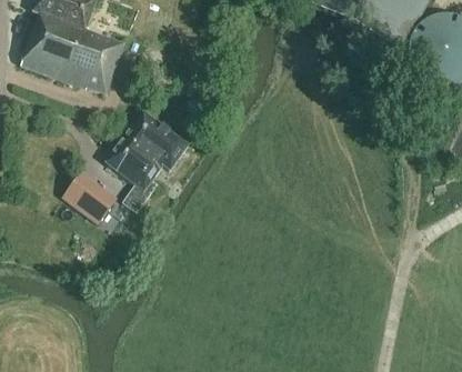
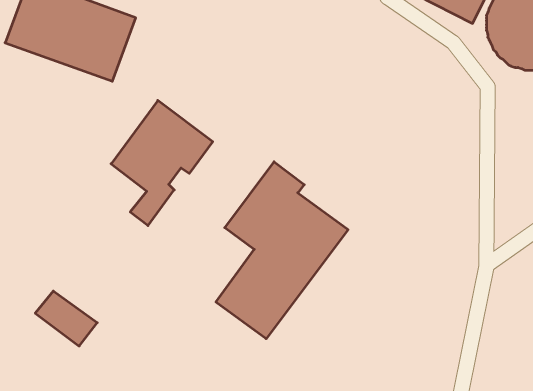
building: none -> [216,162,348,339]
building: [62,178,112,222] -> [35,291,97,346]

